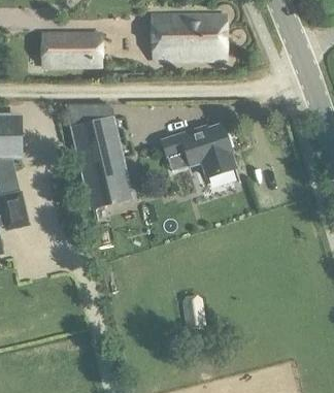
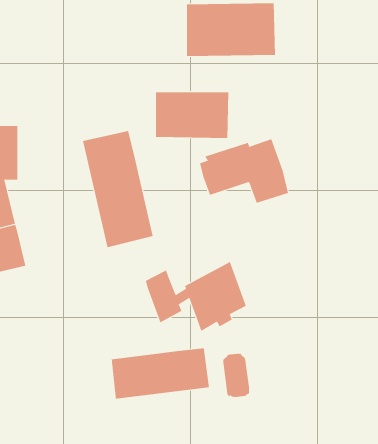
building: [42,31,101,68] -> [155,92,229,139]
building: none -> [145,261,247,332]
building: none -> [111,347,210,400]

